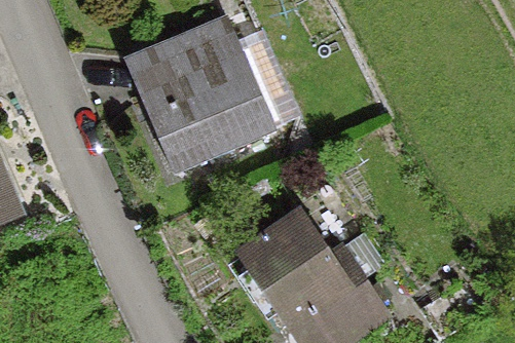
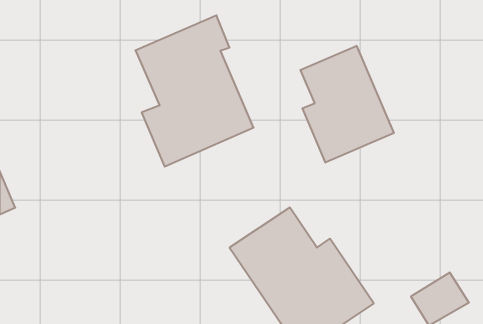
building: none -> [300,46,394,163]

